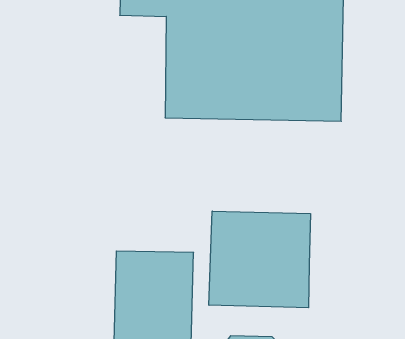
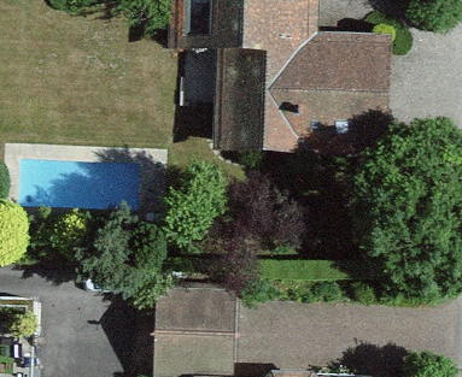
building: [209,211,310,308] -> none

